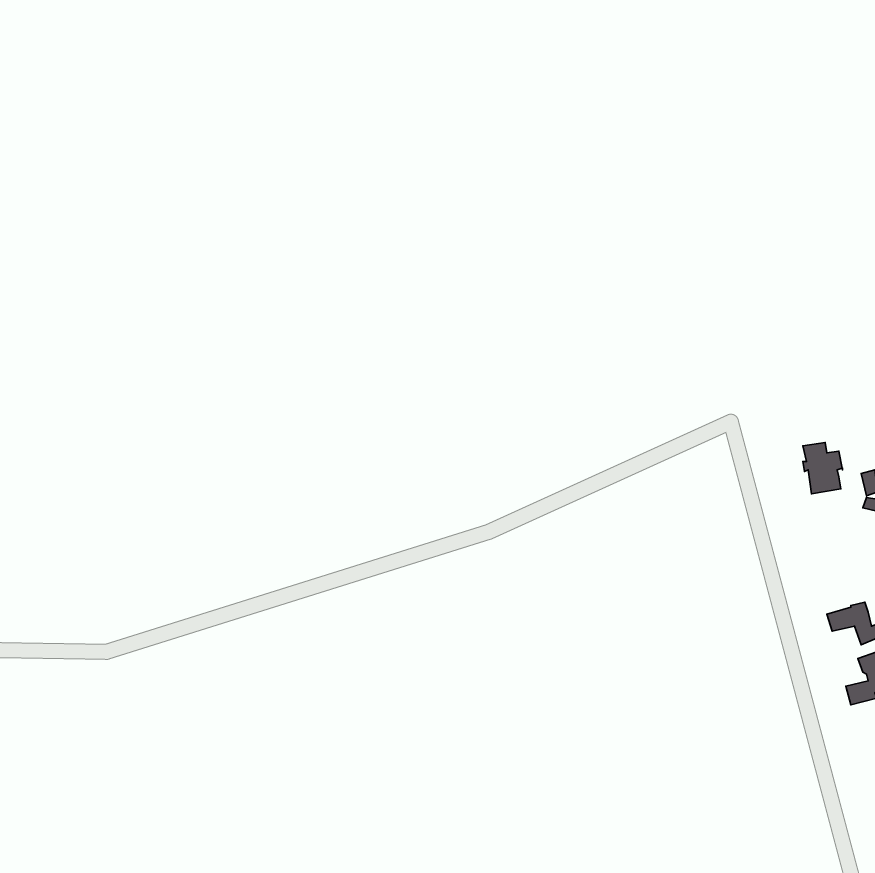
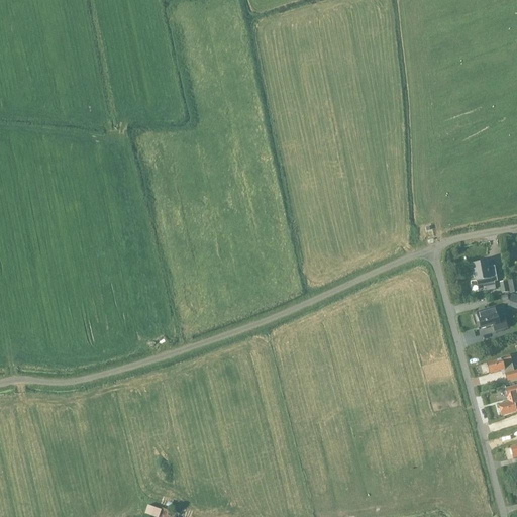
building: none -> [478,307,508,330]

